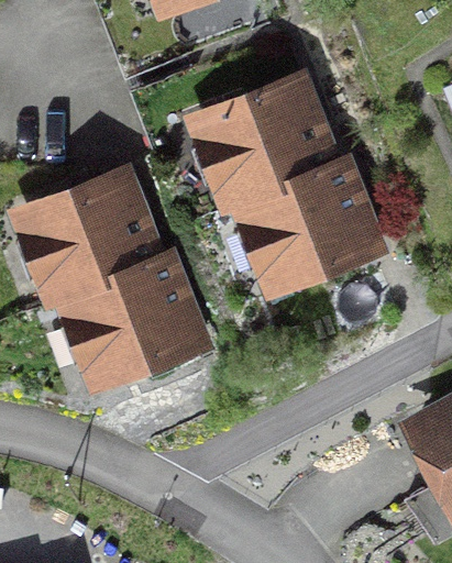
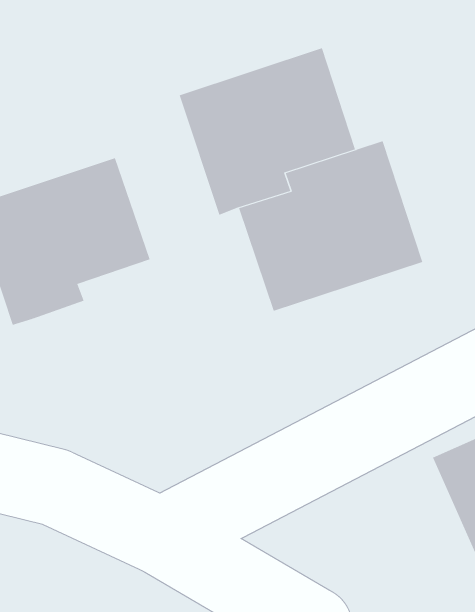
building: [59,247,216,393] -> none

